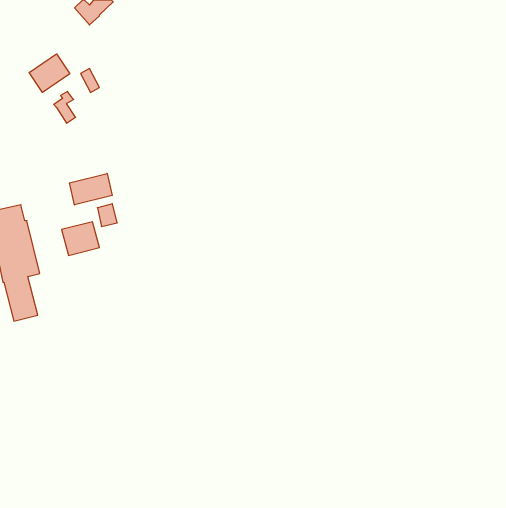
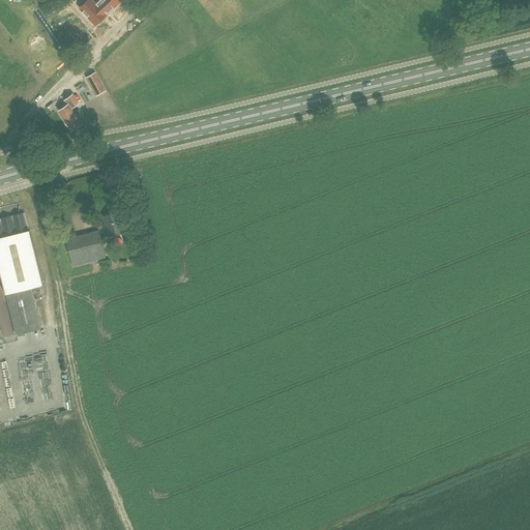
building: [29,54,70,92] -> none
building: [69,173,112,205] -> none

